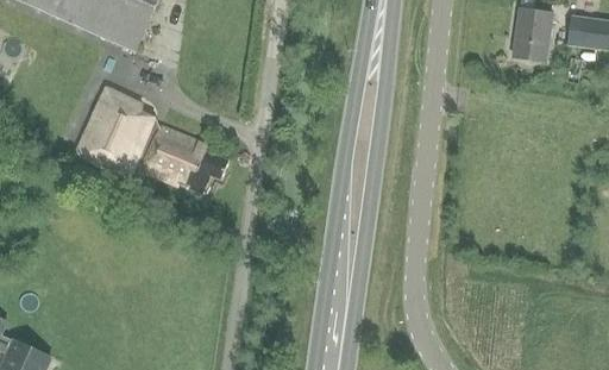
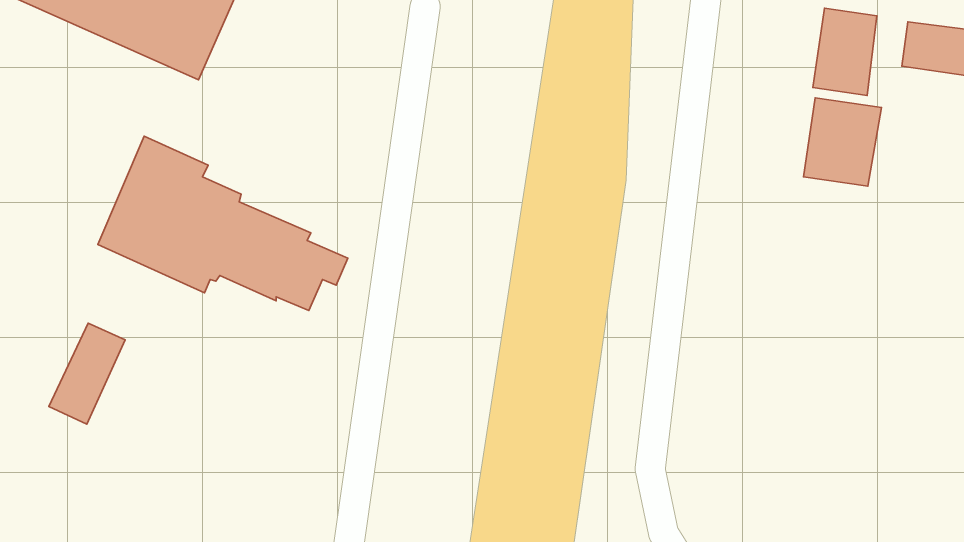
building: none -> [804,98,882,186]
building: none -> [49,323,125,424]

